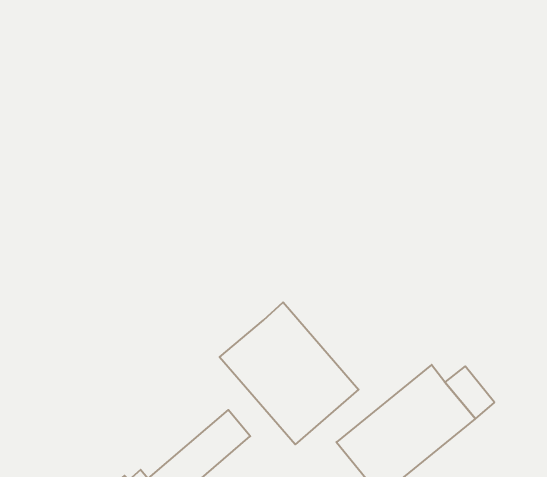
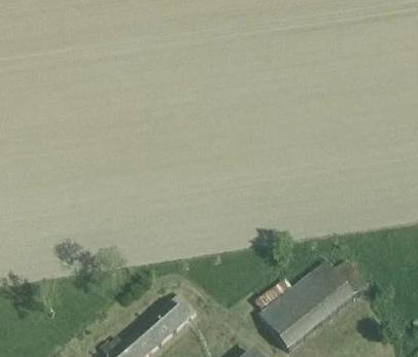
building: [220,302,359,444] -> none

